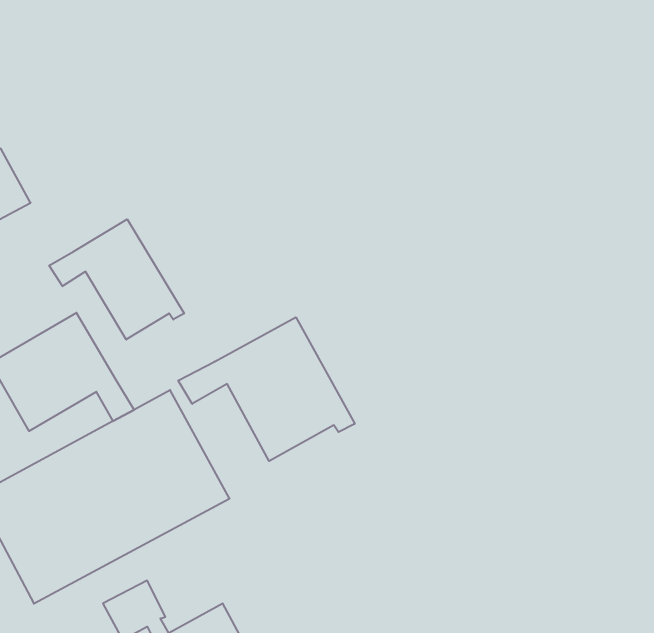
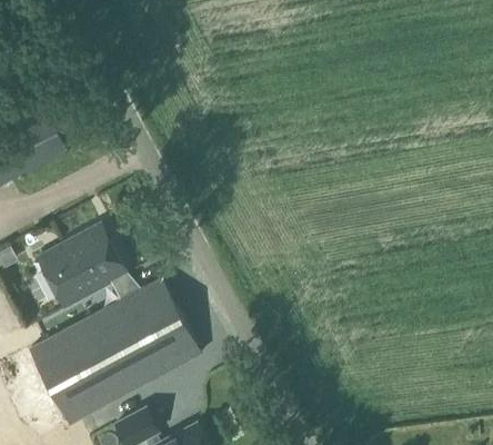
building: [49,219,184,340] -> none
building: [178,317,355,461] -> none

